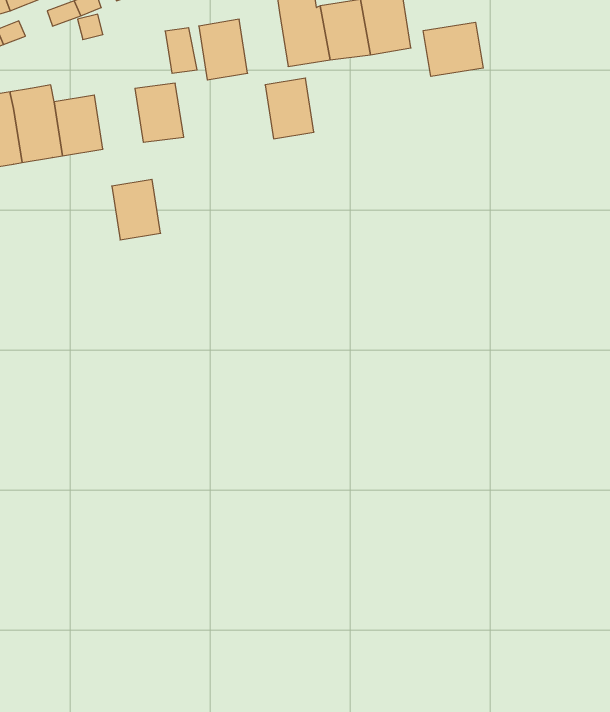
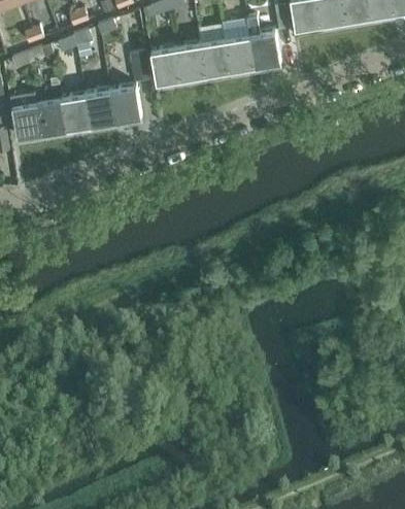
building: [423,22,483,76] -> none
building: [265,78,314,139] -> [174,44,204,81]
building: [112,179,161,240] -> [86,91,115,128]

